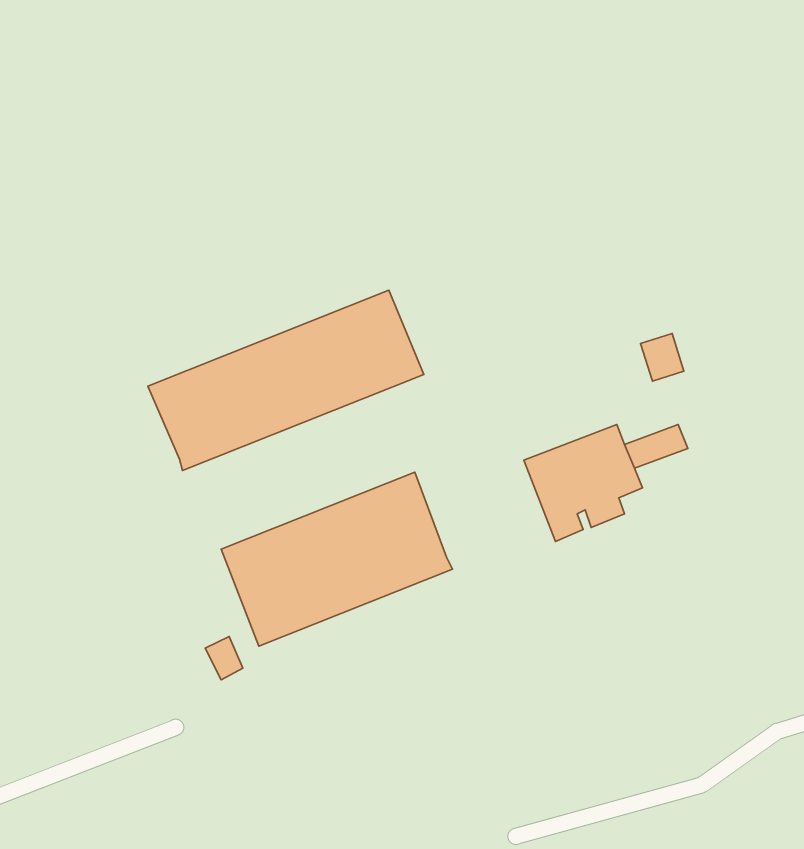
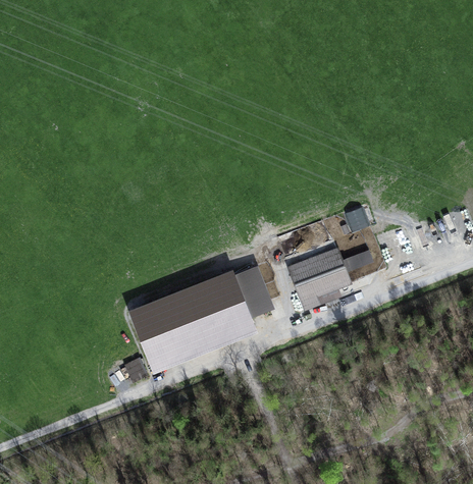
building: [148,290,424,470] -> none
building: none -> [232,268,268,319]

